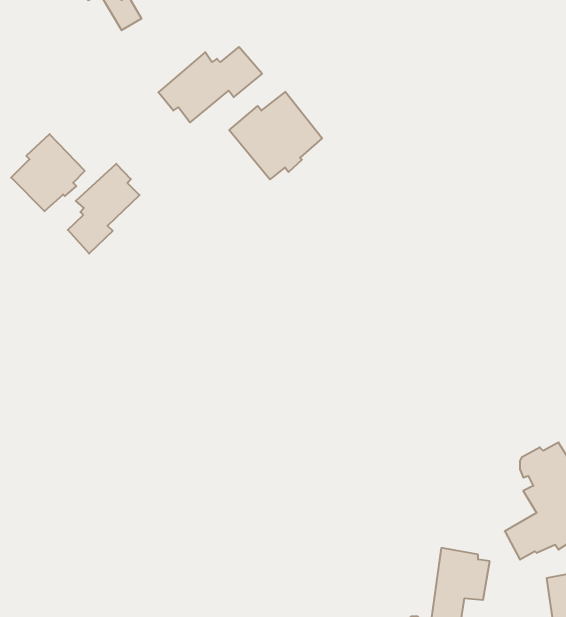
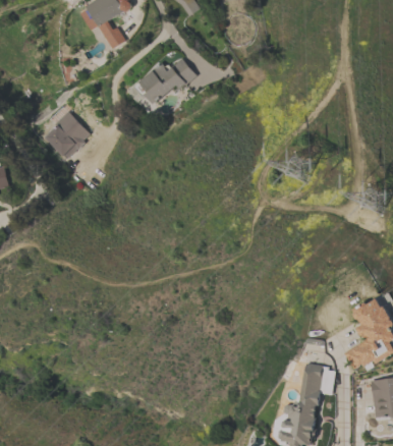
building: [229,92,322,179] -> none
building: [68,164,140,254] -> none

